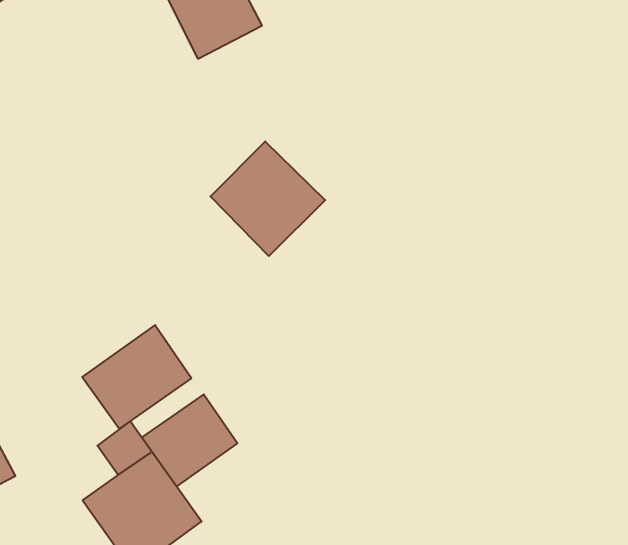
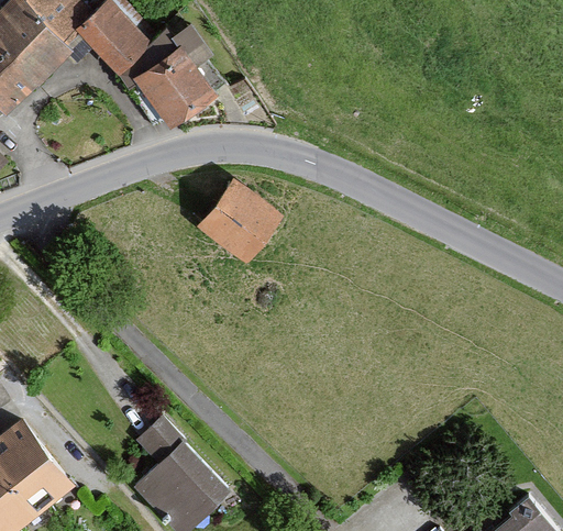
building: [82,325,191,429] -> none
building: [142,394,237,486] -> none

